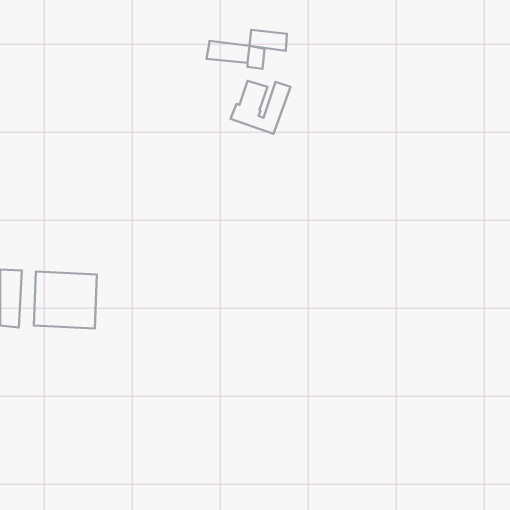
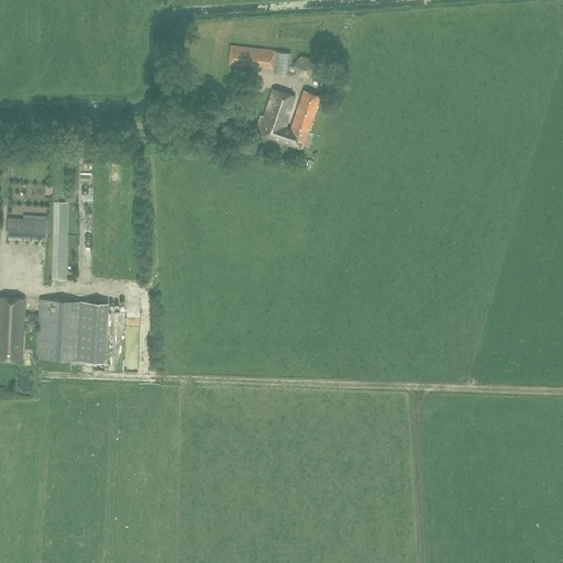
building: [249,30,287,51] -> none
building: none -> [7,219,47,236]

